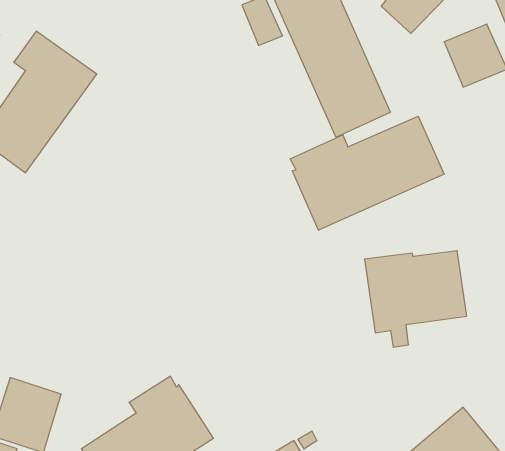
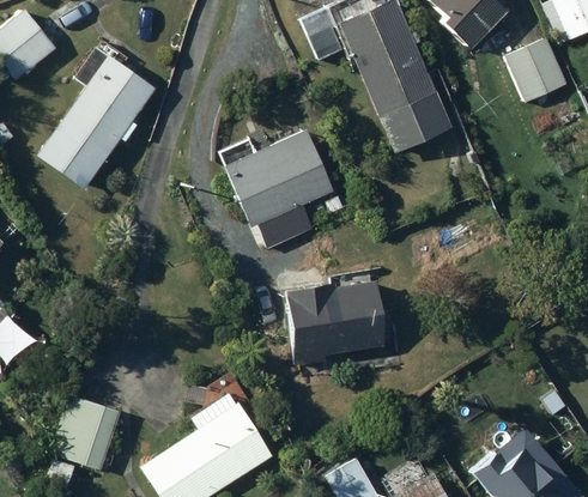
building: none -> [224,128,334,248]
building: [290,116,444,230] -> none
building: [364,251,467,347] -> [284,280,387,377]

